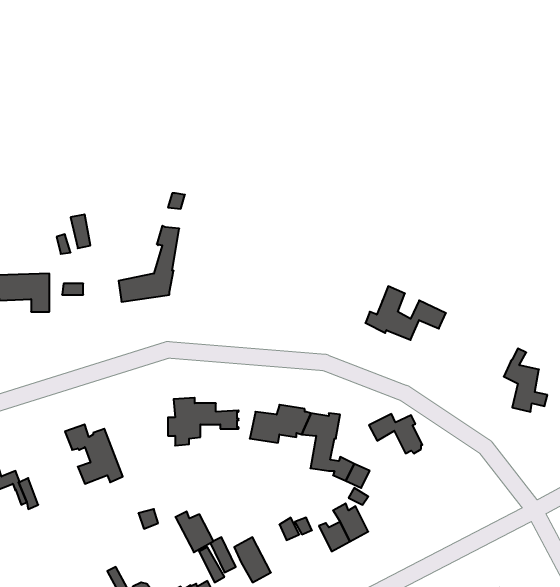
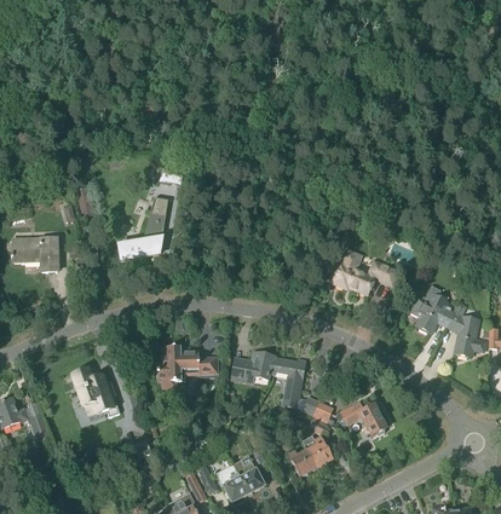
building: none -> [410,287,453,334]
building: [369,414,422,453] -> [339,403,385,437]
building: [175,511,214,552] -> [231,460,264,495]

